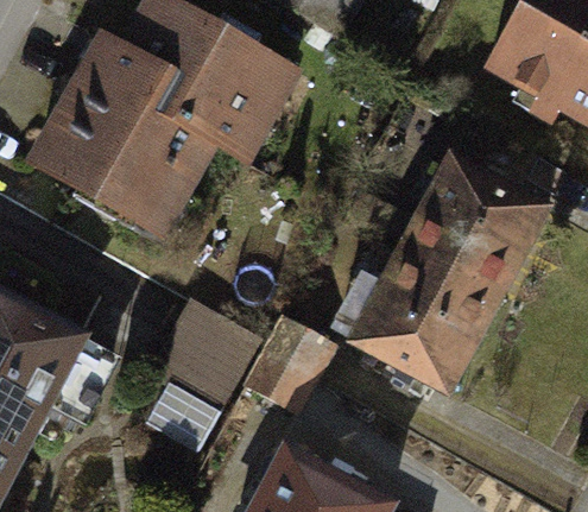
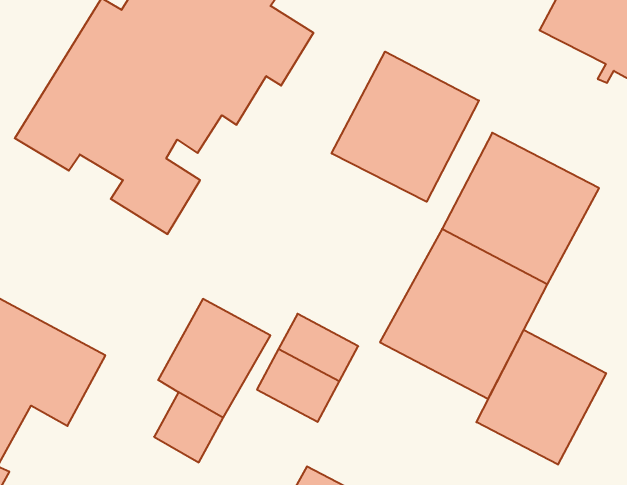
building: none -> [332,52,479,202]
building: none -> [476,330,606,465]

